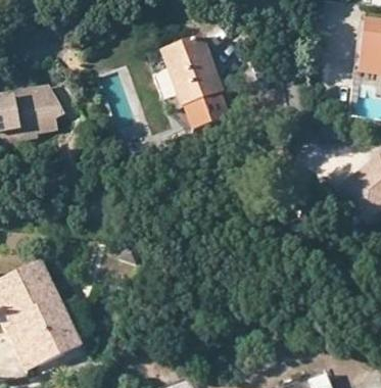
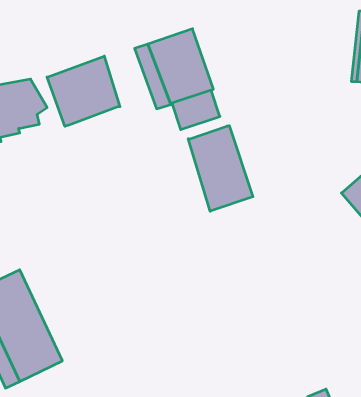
building: none -> [47,56,120,126]
building: none -> [188,126,253,211]

